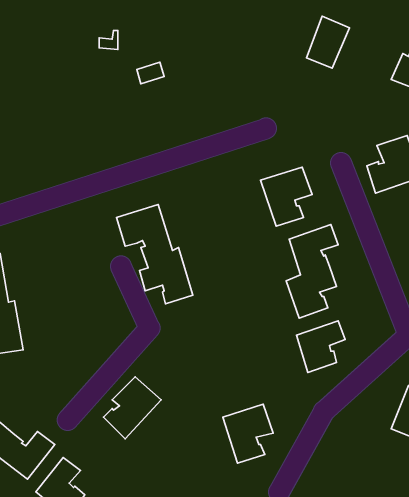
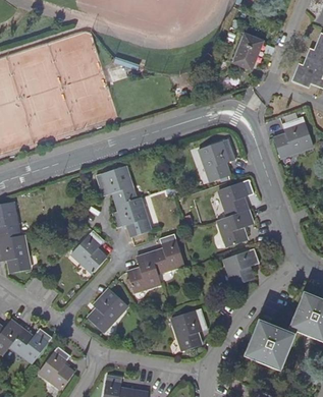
building: none -> [72,230,107,273]
building: none -> [127,234,184,292]
building: none -> [248,323,291,366]

